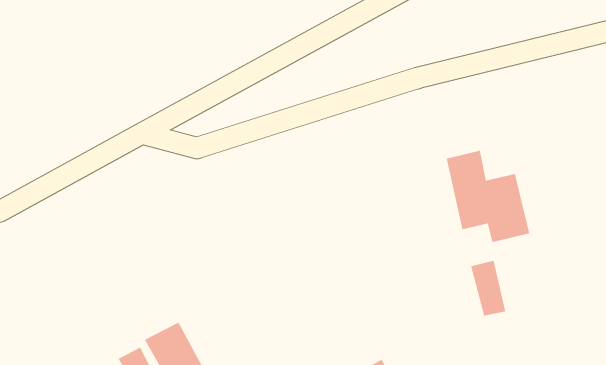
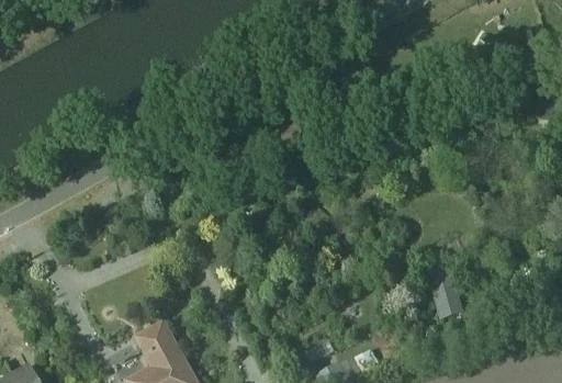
building: [446,150,530,243] -> none

